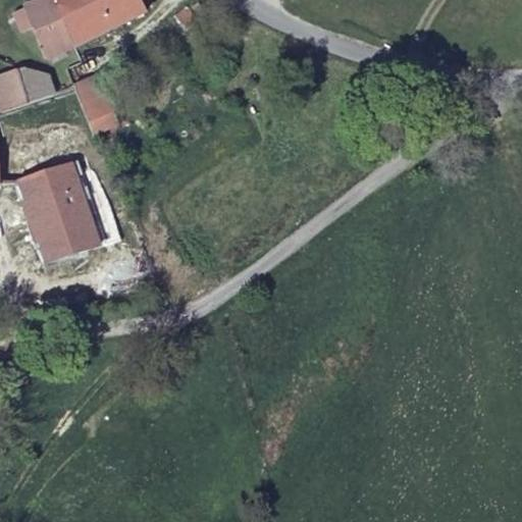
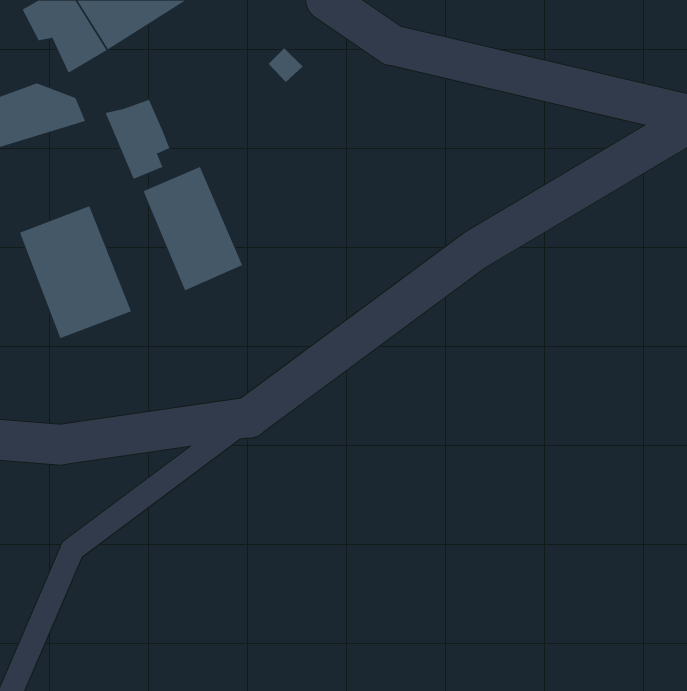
building: none -> [143,166,243,291]

